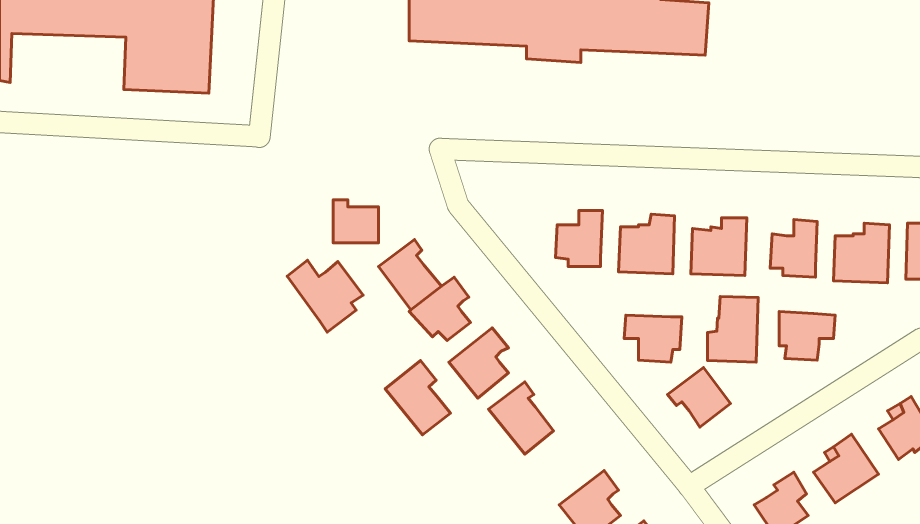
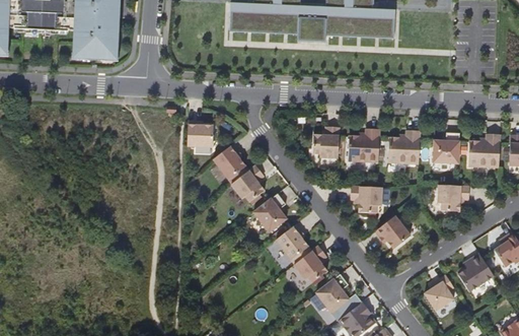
building: [287,260,363,332] -> none
building: [707,297,758,362] -> none
building: [385,360,451,435] -> none
building: none -> [293,246,327,282]

